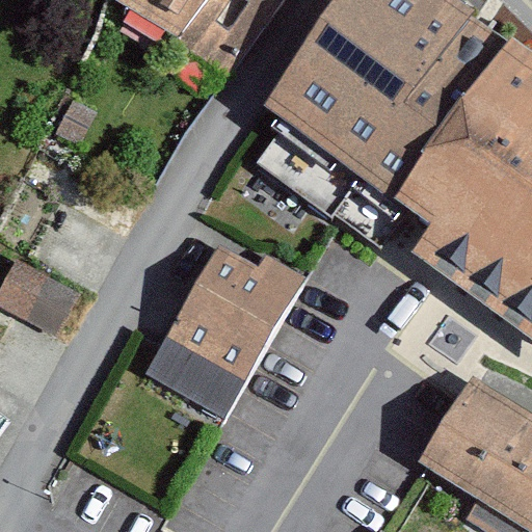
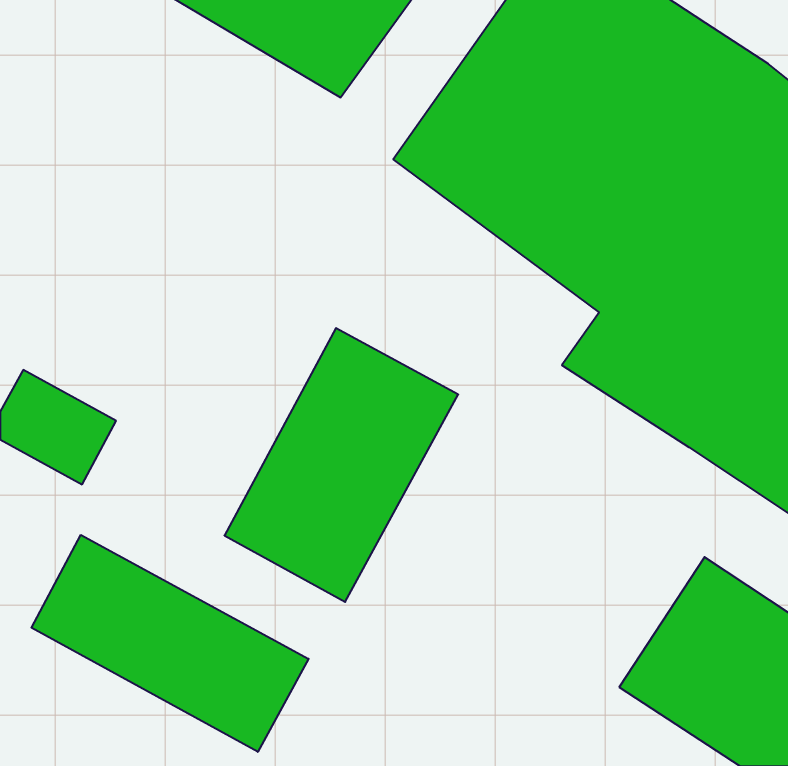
building: none -> [31,535,309,752]

